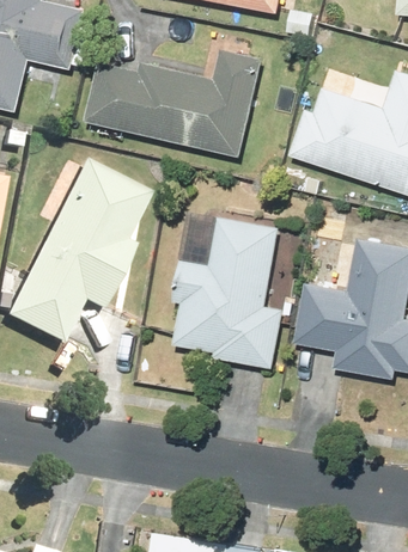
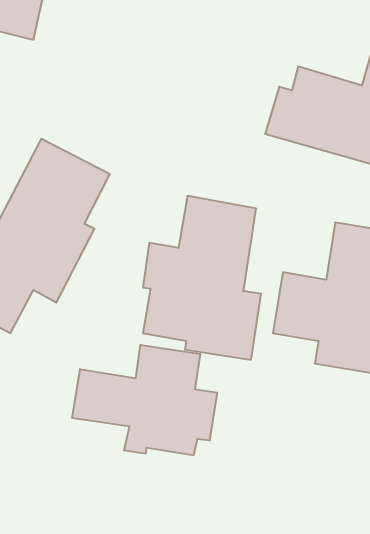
building: [85,51,260,154] -> none
building: none -> [72,345,217,455]

